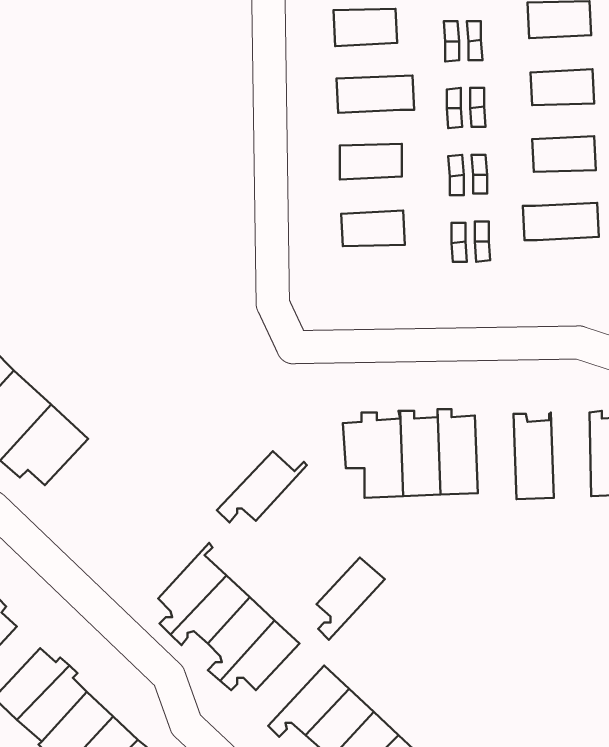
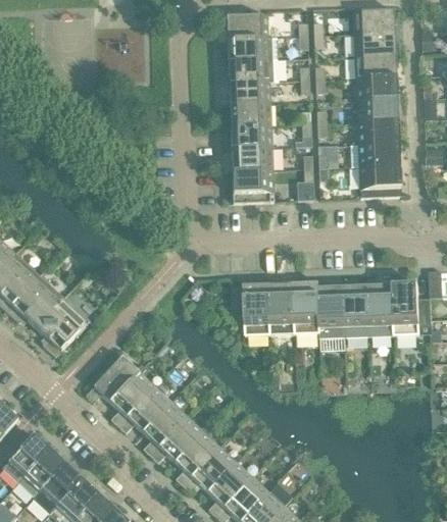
building: none -> [353,32,395,56]
building: none -> [226,37,277,60]
building: none -> [355,76,396,100]
building: none -> [228,81,269,104]
building: none -> [356,120,398,144]
building: none -> [229,124,270,149]
building: none -> [358,164,400,197]
building: none -> [231,169,272,203]
building: none -> [367,279,394,335]
building: none -> [317,280,345,337]
building: none -> [35,297,88,356]
building: [217,451,307,522] -> [84,356,143,403]
building: [316,557,385,640] -> [173,431,218,485]

